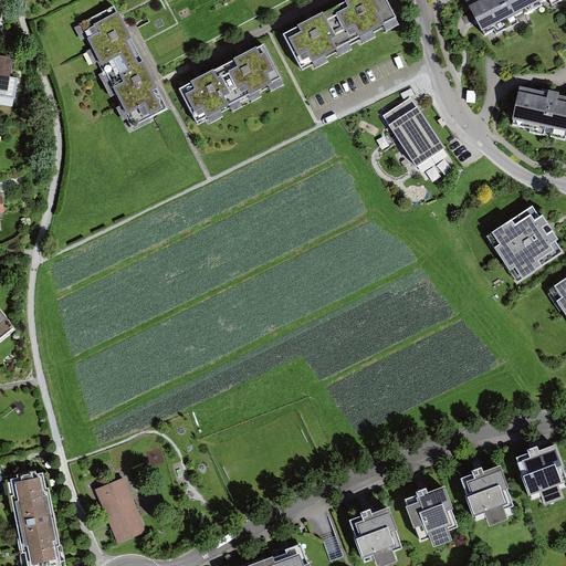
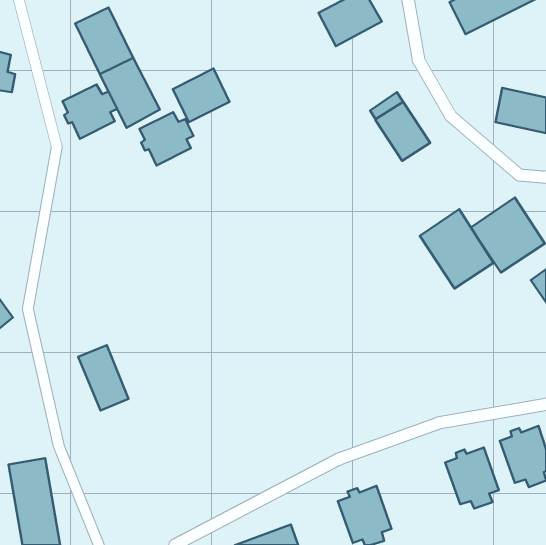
building: [280,13,346,73] -> none
building: [220,49,281,105] -> none
building: none -> [62,84,117,139]
building: none -> [139,112,193,165]
building: none -> [420,209,494,288]
building: [93,472,145,539] -> [78,345,128,411]
building: [405,486,455,547] -> none

